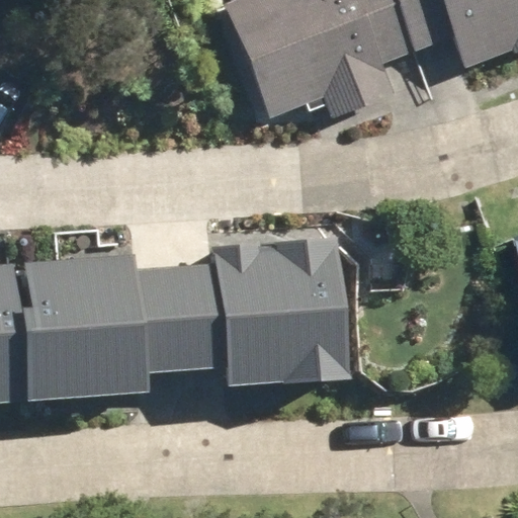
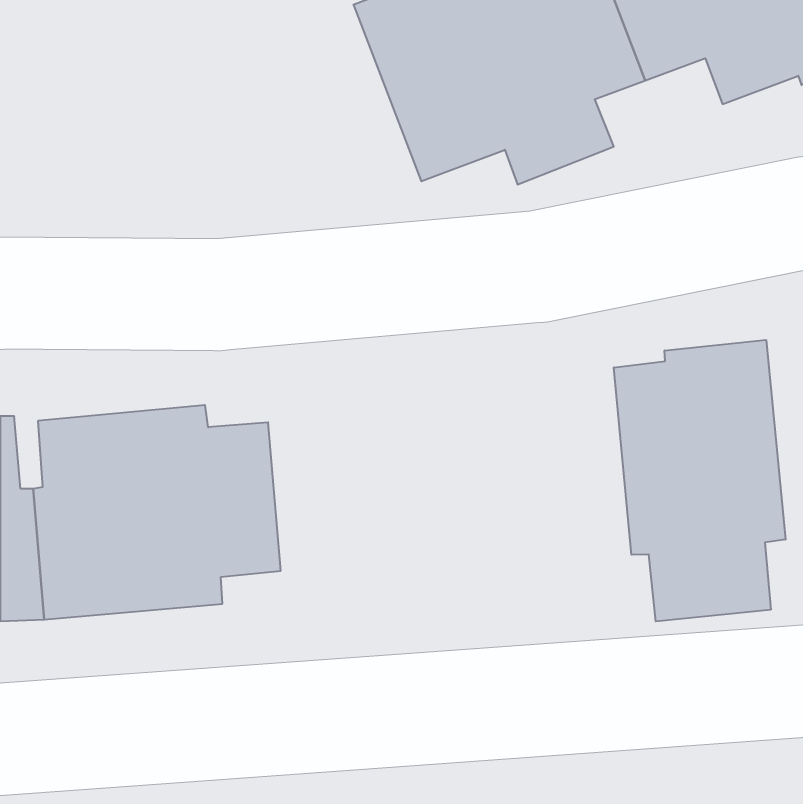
building: none -> [614,340,786,621]
building: [174,243,346,381] -> none

